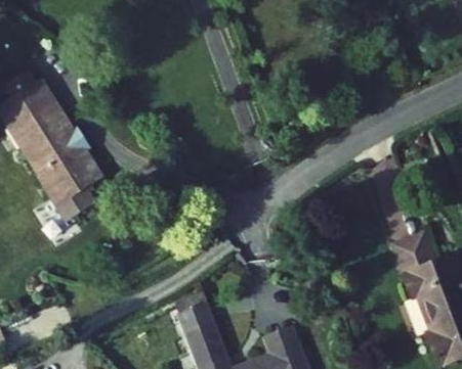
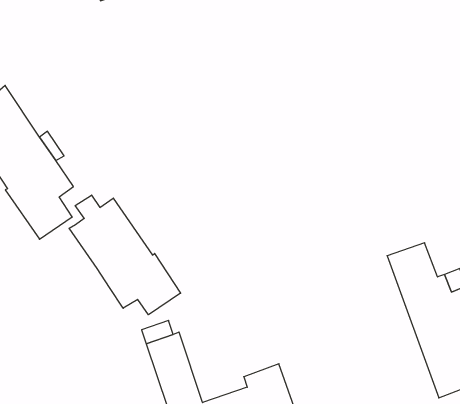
building: none -> [69,195,181,315]

